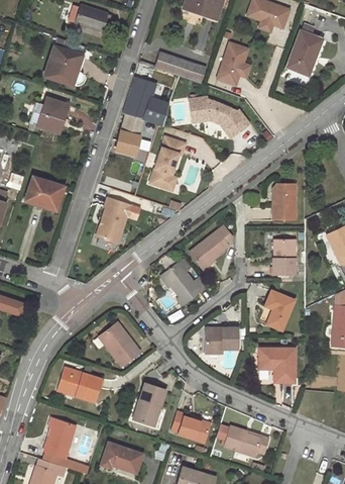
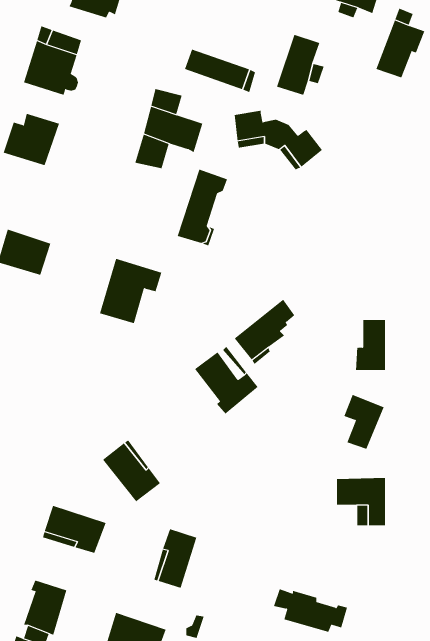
building: [116,131,140,154] -> none
building: [273,184,295,219] -> none
building: [206,328,238,353] -> none
building: [172,412,210,442] -> none

